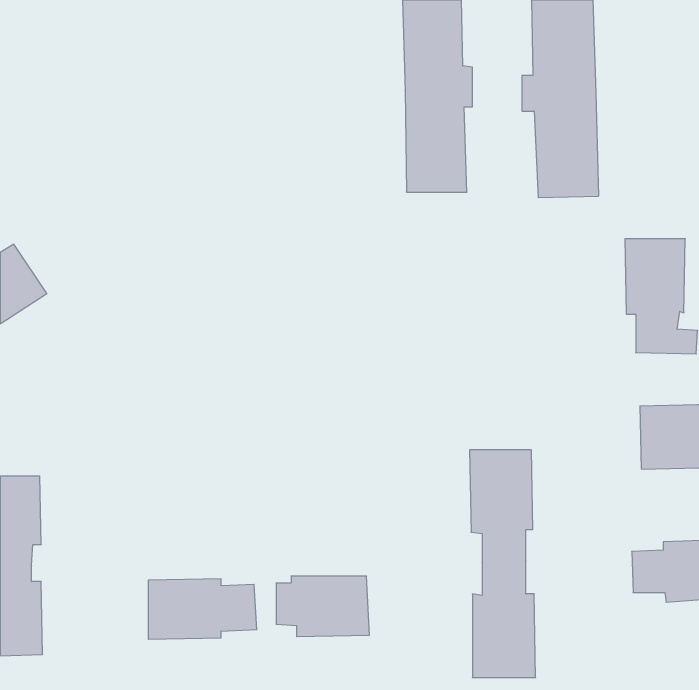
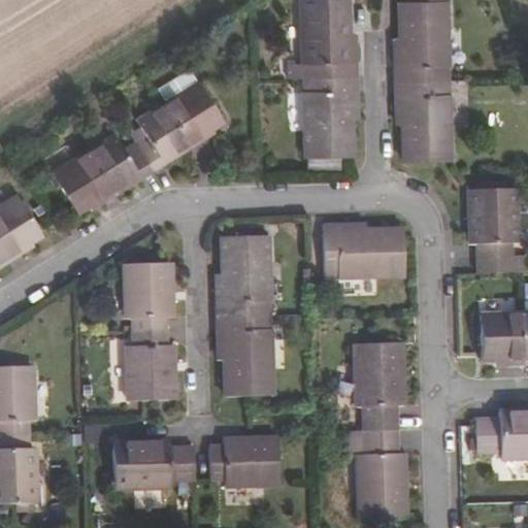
building: none -> [51,77,221,207]
building: none -> [323,223,402,277]
building: none -> [218,236,272,394]
building: none -> [126,262,172,398]

